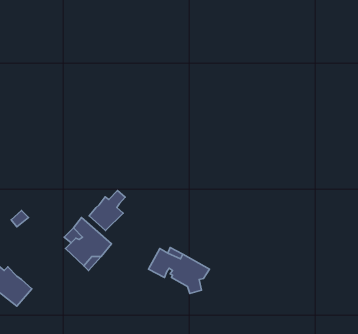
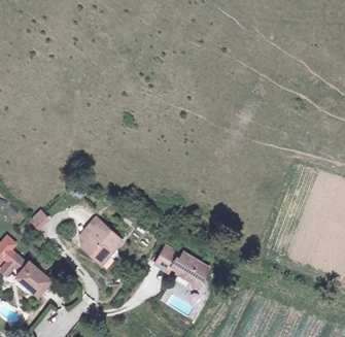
building: [89,191,125,230] -> none

